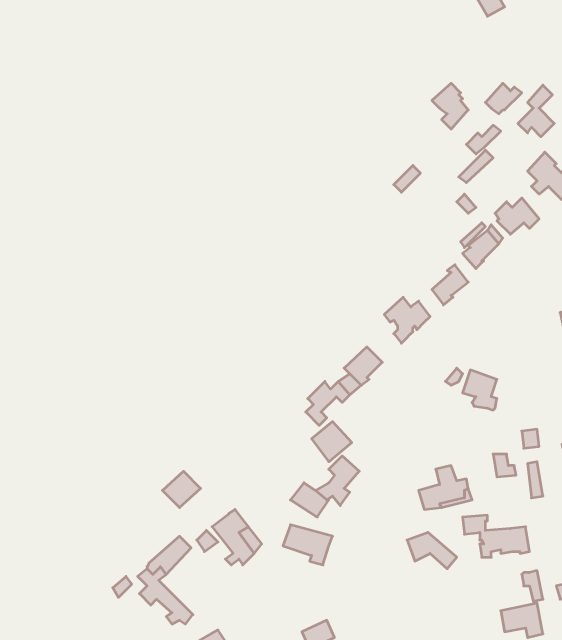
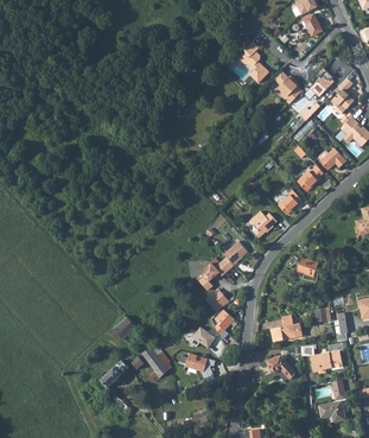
building: none -> [237,40,268,82]

